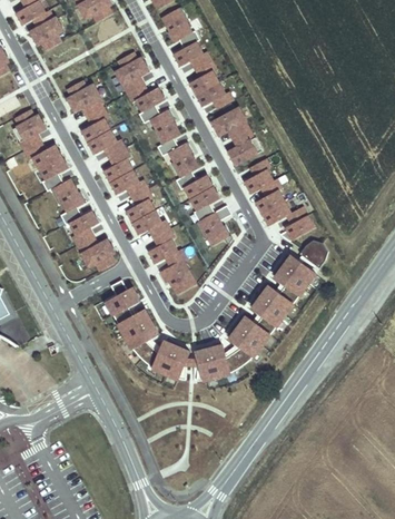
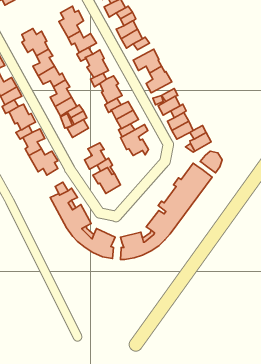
building: [132,209,168,236] -> none

